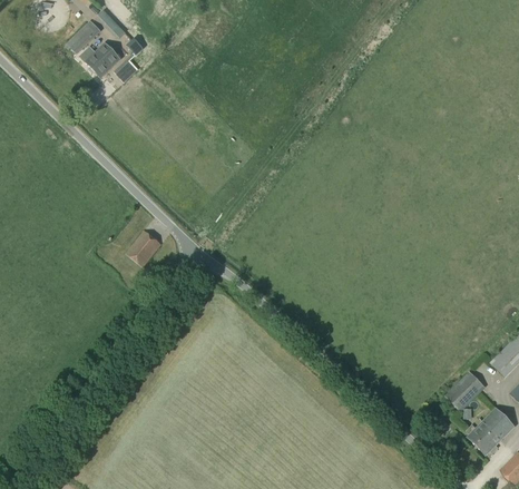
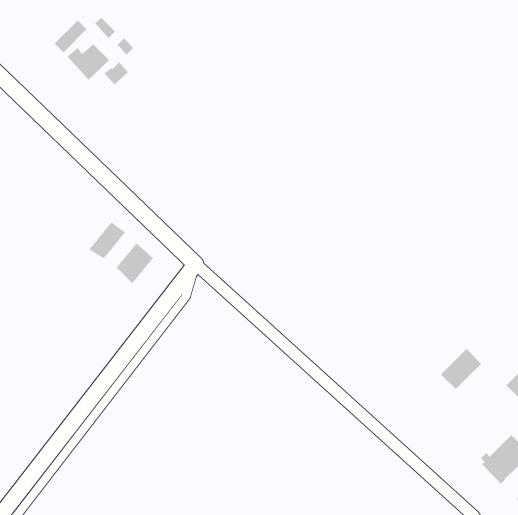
building: none -> [88,222,126,259]
building: [445,372,484,411] -> [440,348,482,390]

